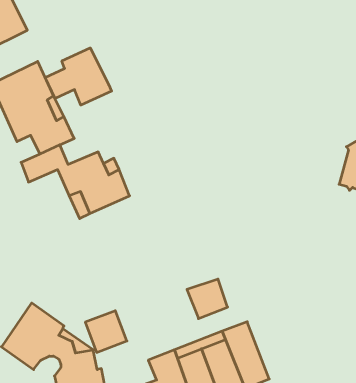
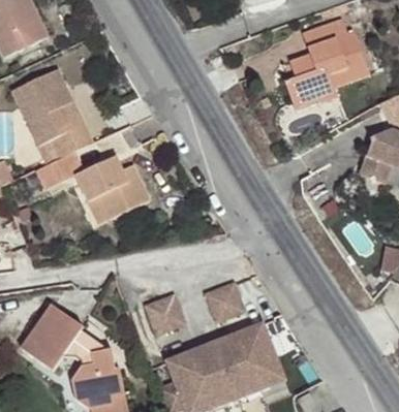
building: none -> [283,20,368,104]
building: [45,48,112,105] -> none
building: [85,311,127,352] -> [145,293,186,335]

